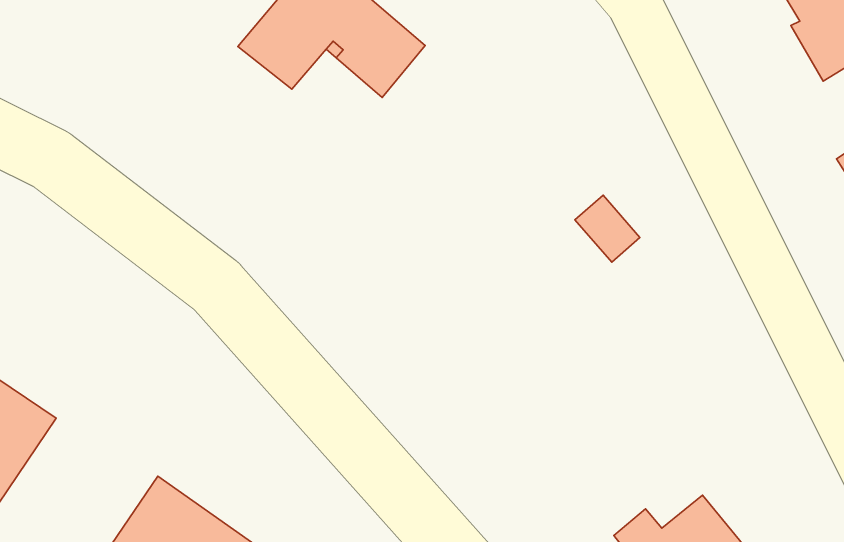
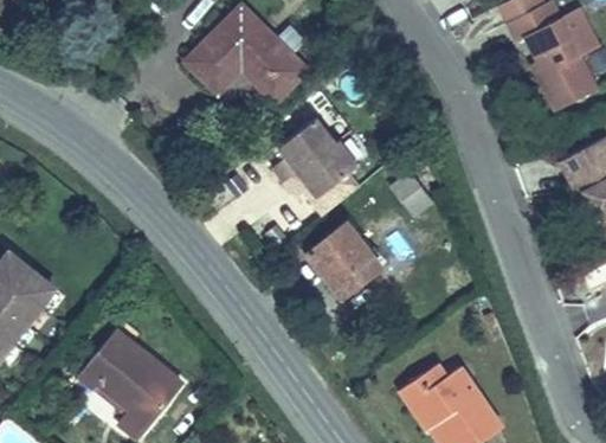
building: none -> [267,117,362,212]
building: none -> [309,222,381,295]

